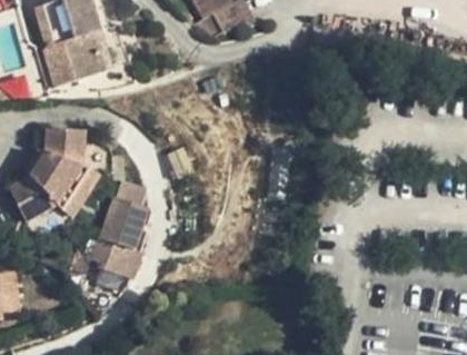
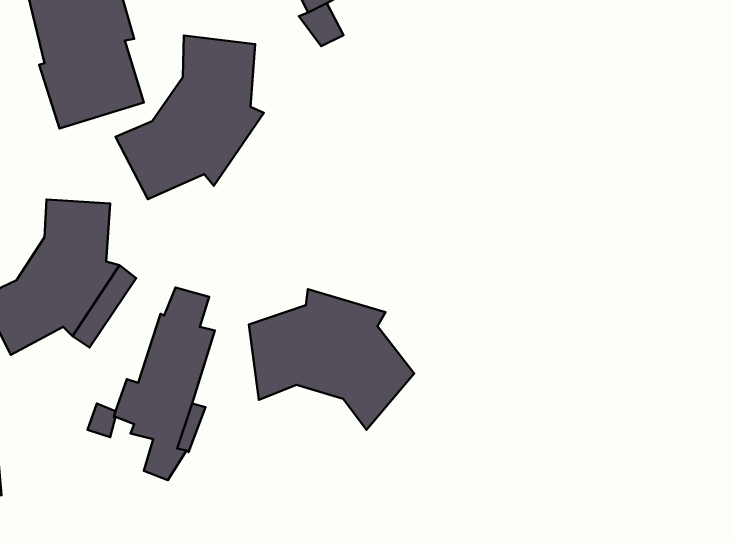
building: none -> [116,36,264,199]
building: none -> [249,289,414,430]

